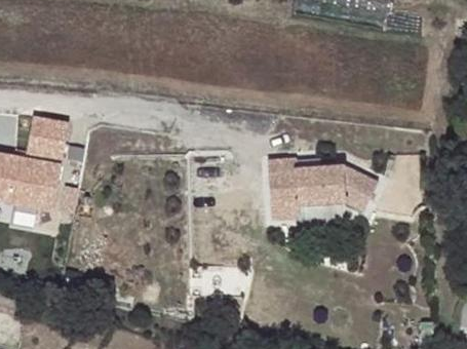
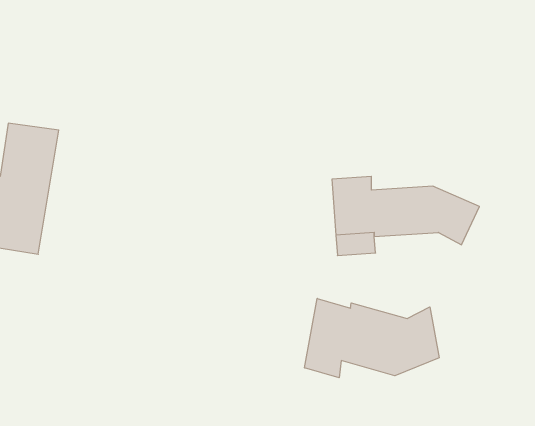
building: none -> [305,298,439,378]

